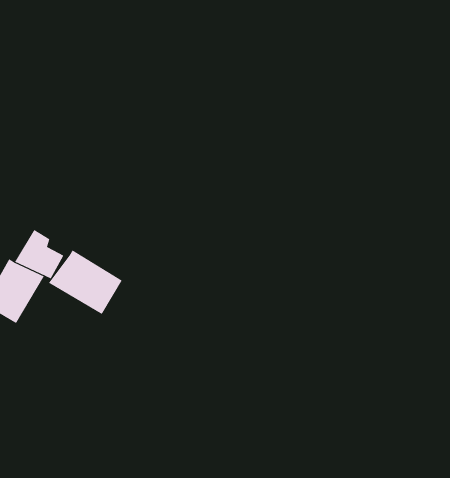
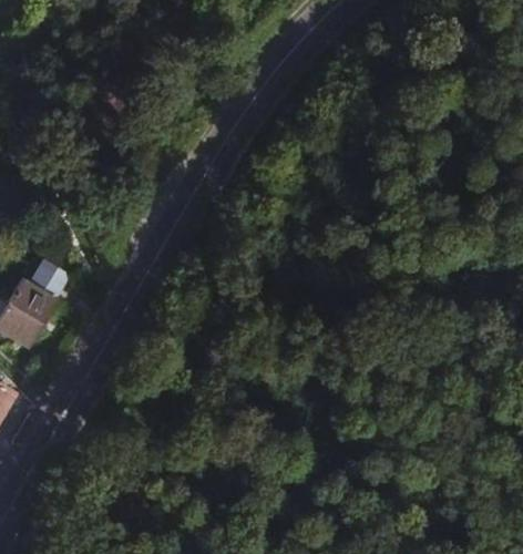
building: [48,249,123,315] -> none

